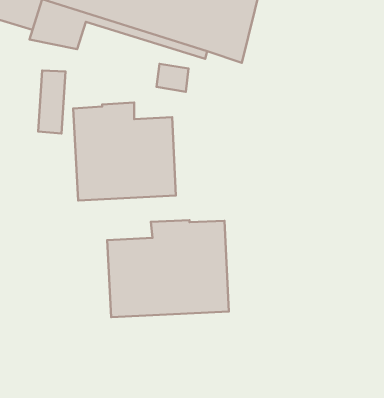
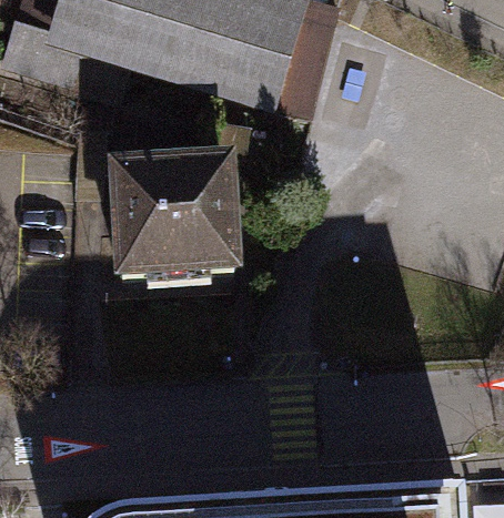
building: [107,220,229,317] -> none

